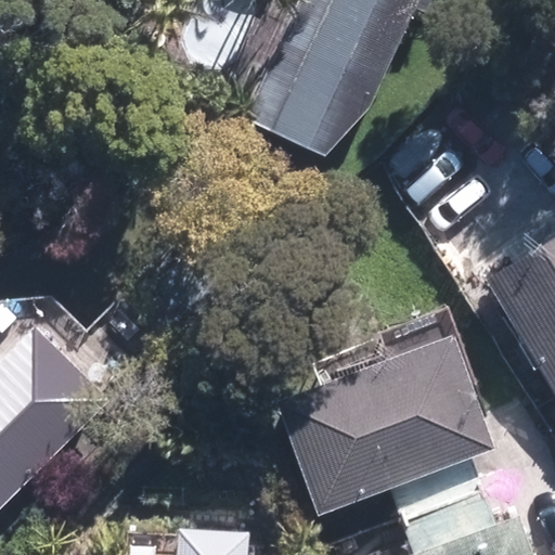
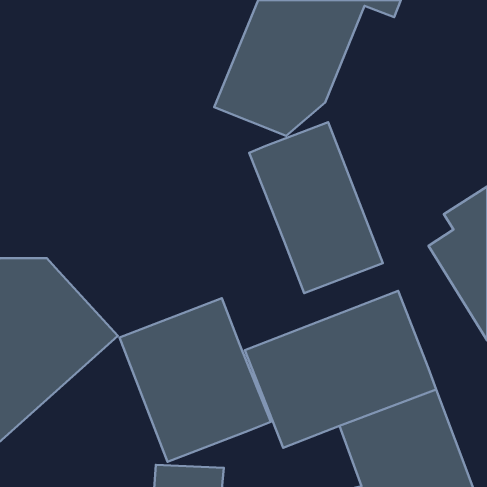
building: none -> [249,122,383,293]
building: none -> [119,298,271,462]

